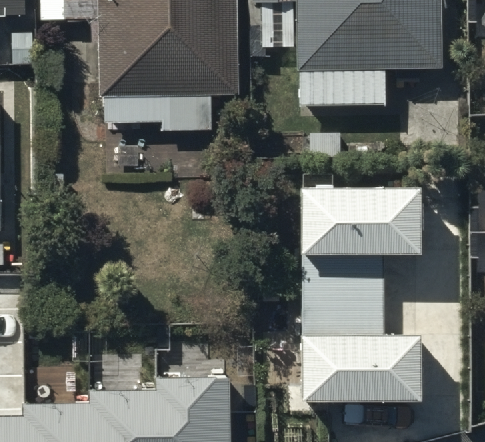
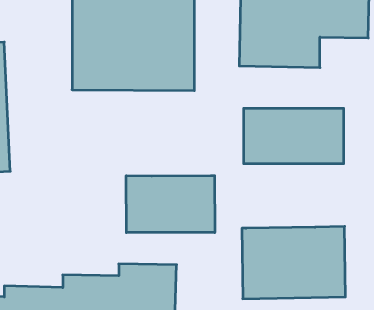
building: [299,236,380,312] -> none
building: none -> [126,176,215,233]

